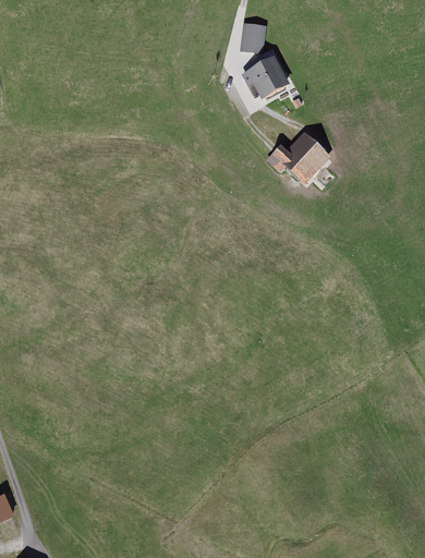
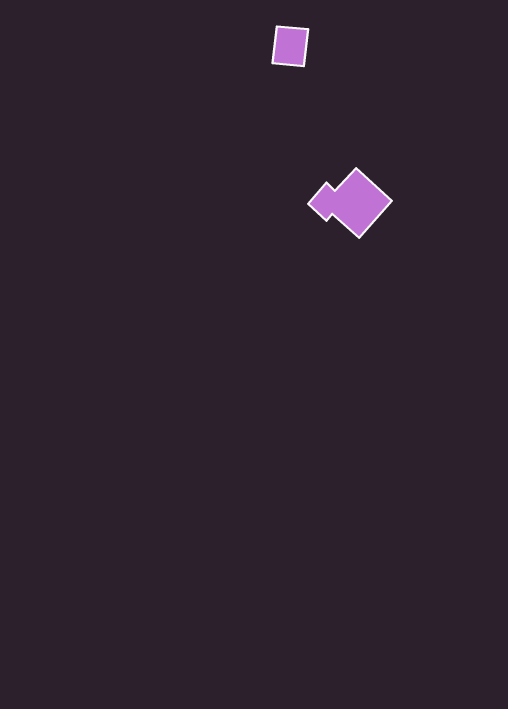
building: [242,56,291,99] -> none

